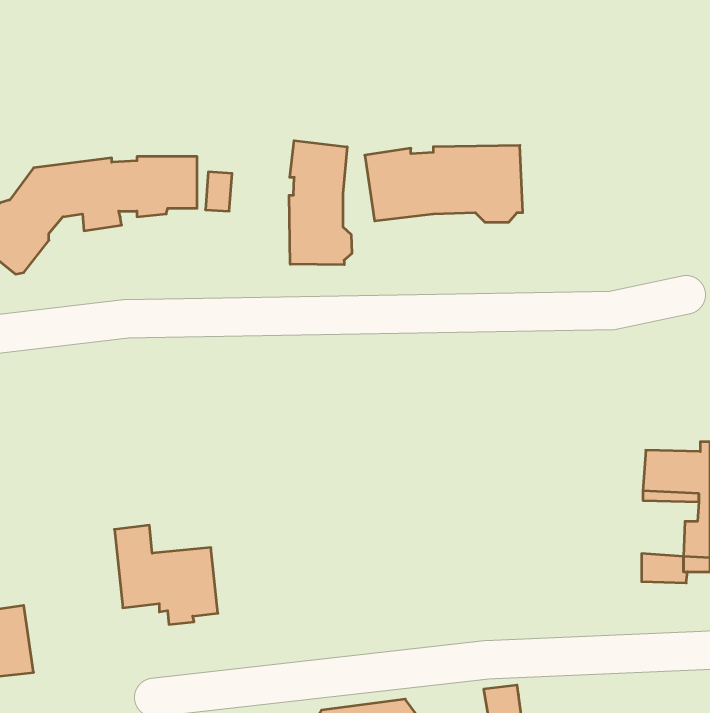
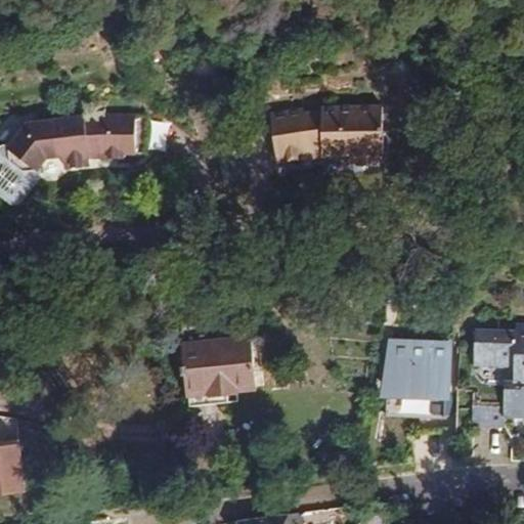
building: [289,141,352,265] -> none
building: none -> [385,338,456,399]
building: [114,525,218,624] -> [178,322,254,395]

